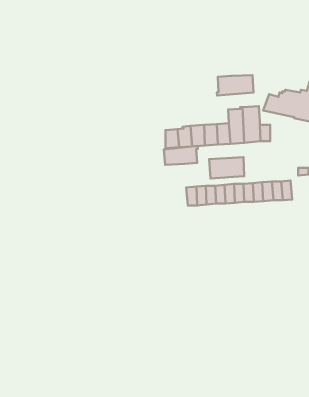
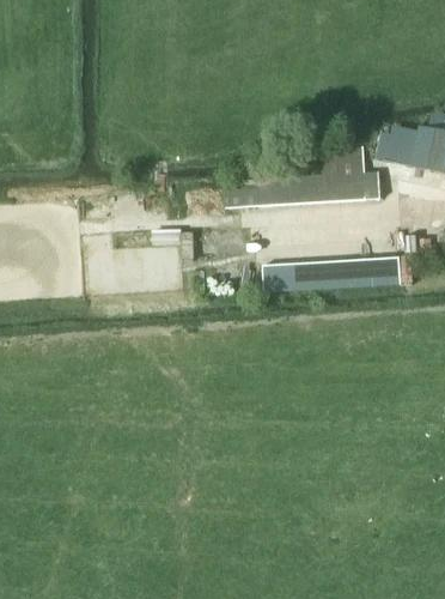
building: [217,75,254,96] -> none
building: [164,146,198,165] -> none
building: [209,157,244,178] -> none

